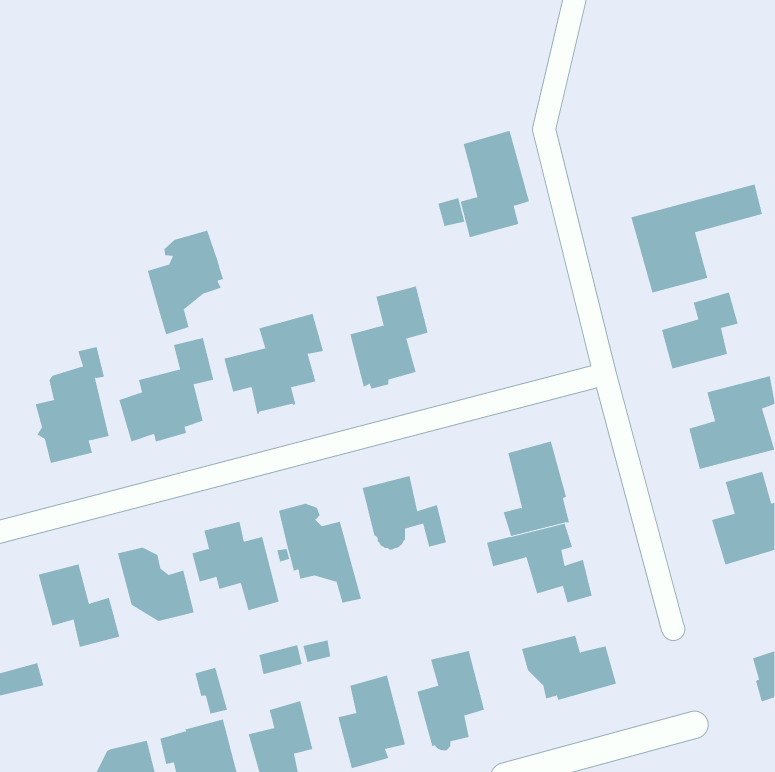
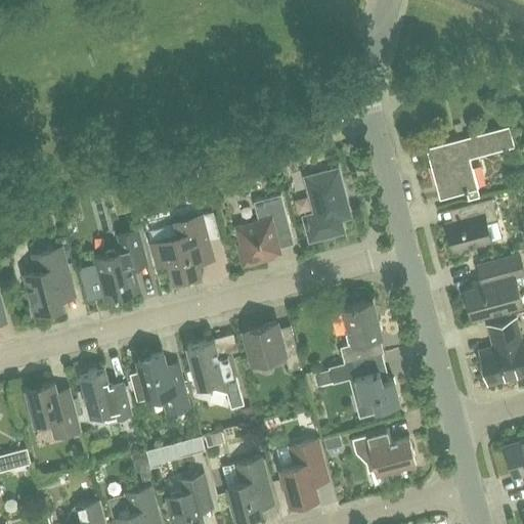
building: [460,130,530,238] -> [303,170,350,243]
building: [147,230,224,335] -> none

